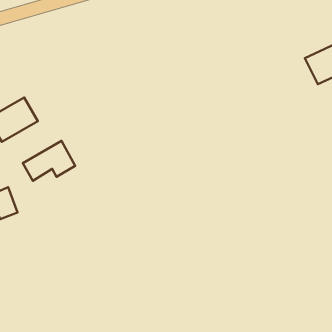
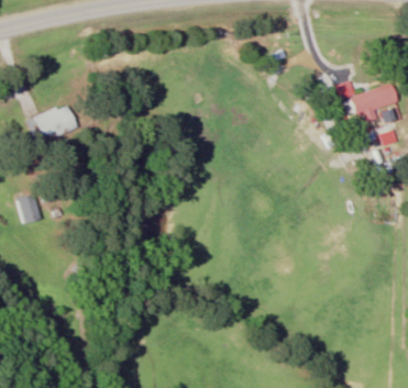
building: [23,141,75,181] -> none

